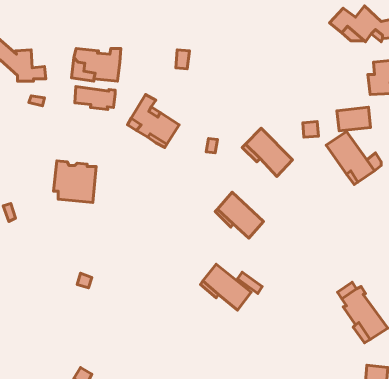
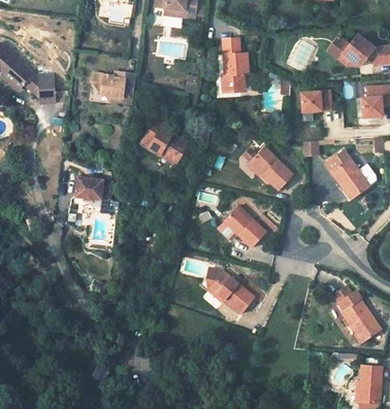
building: none -> [222,38,248,92]
building: [75,87,115,109] -> none
building: [337,107,371,131] -> [301,91,332,112]

